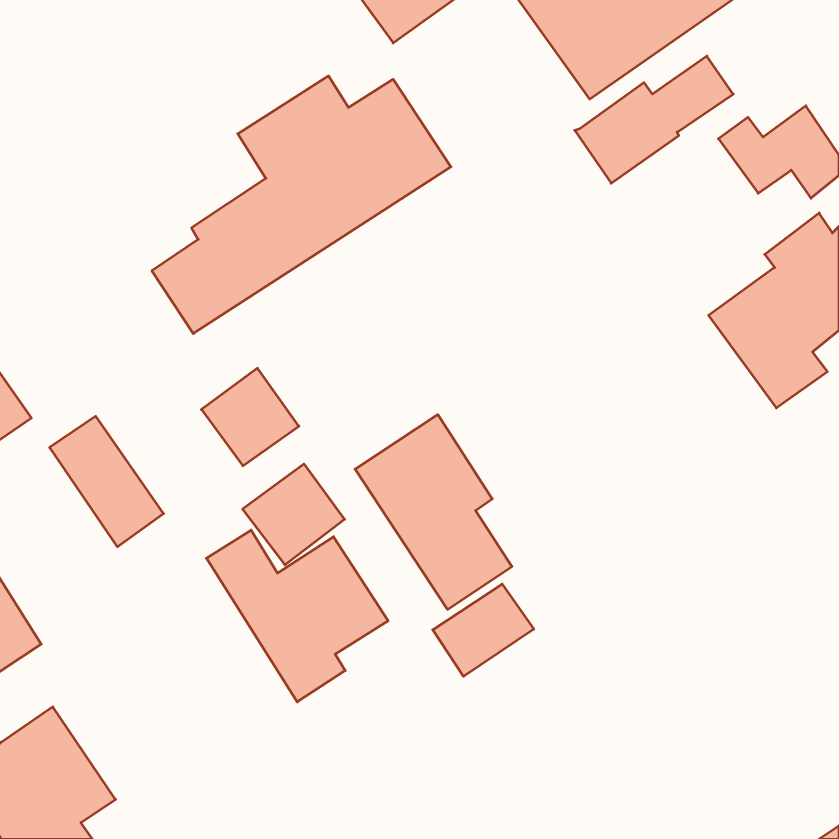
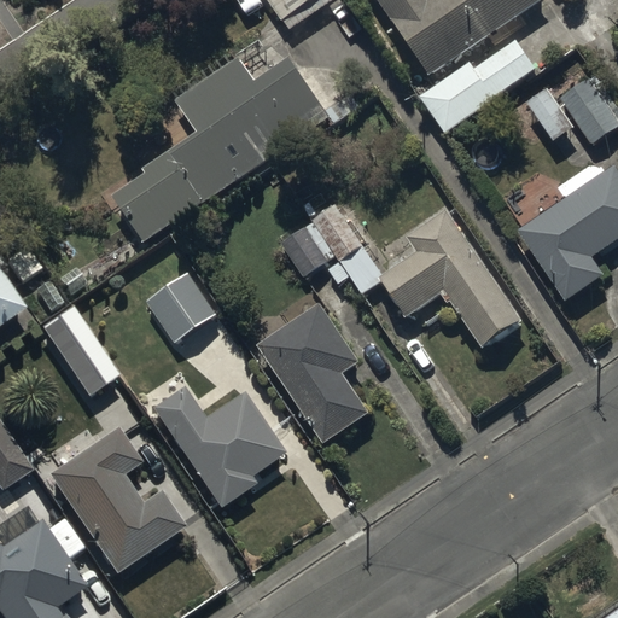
building: none -> [281,199,526,349]
building: [243,464,345,565] -> none
building: [433,584,534,676] -> none
building: none -> [48,430,186,575]

